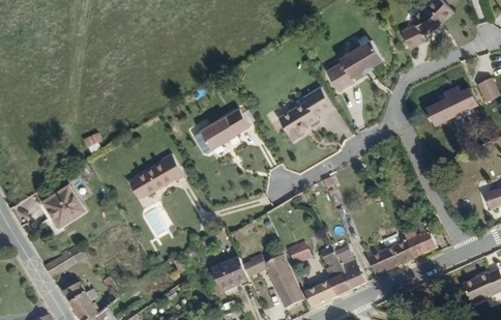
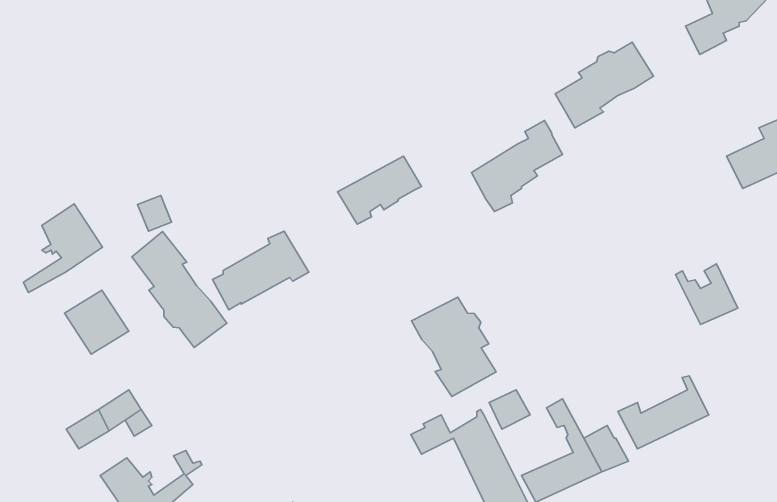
building: none -> [24,204,103,293]
building: none -> [132,232,227,348]
building: none -> [412,297,496,396]
building: [401,222,437,257] -> [675,264,738,324]
building: [214,261,249,295] -> none

